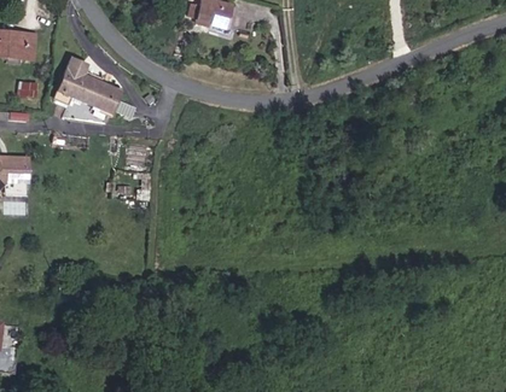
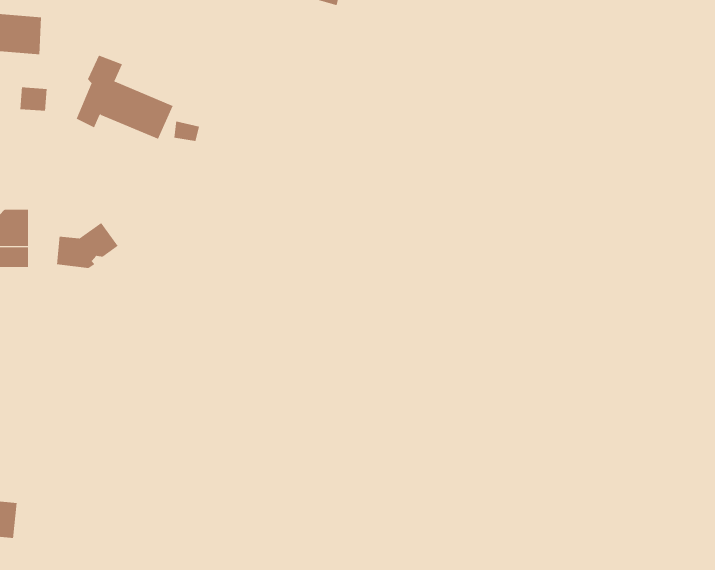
building: none -> [56,222,119,269]

